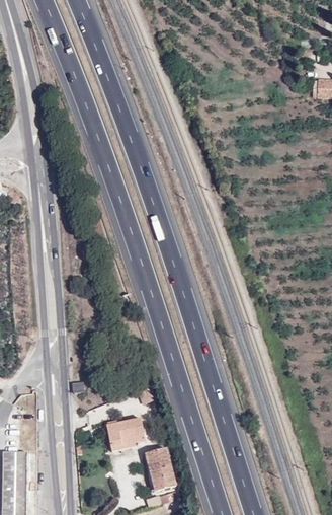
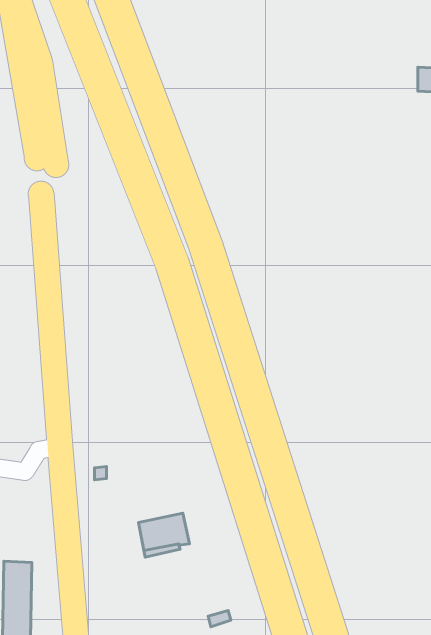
building: [145,448,176,491] -> none

